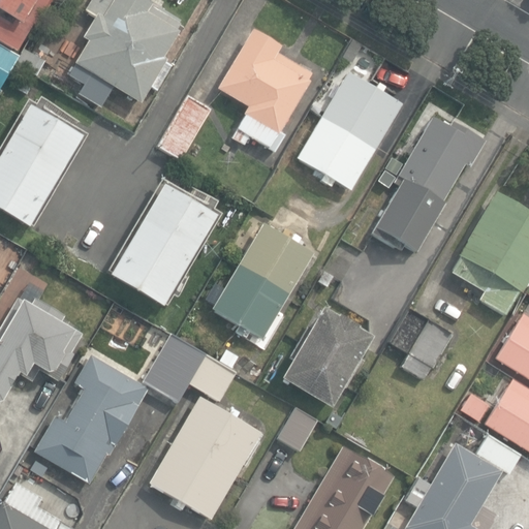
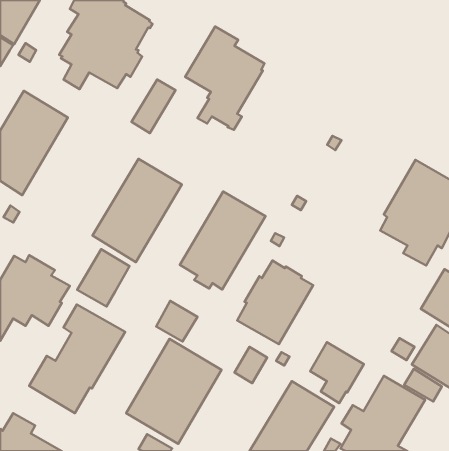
building: [298,73,402,190] -> none
building: [373,118,486,253] -> none
building: [387,306,450,377] -> [310,342,364,403]
building: [141,333,201,400] -> [77,249,129,307]

